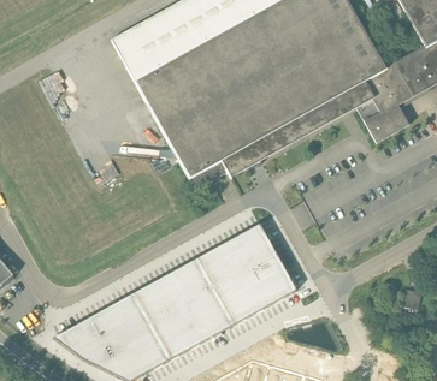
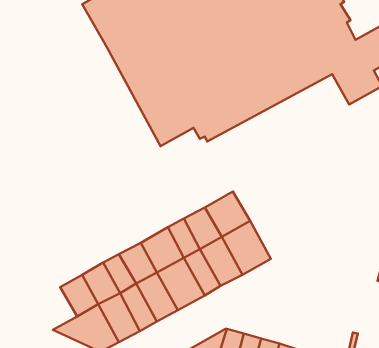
building: [53,316,106,358] -> none

